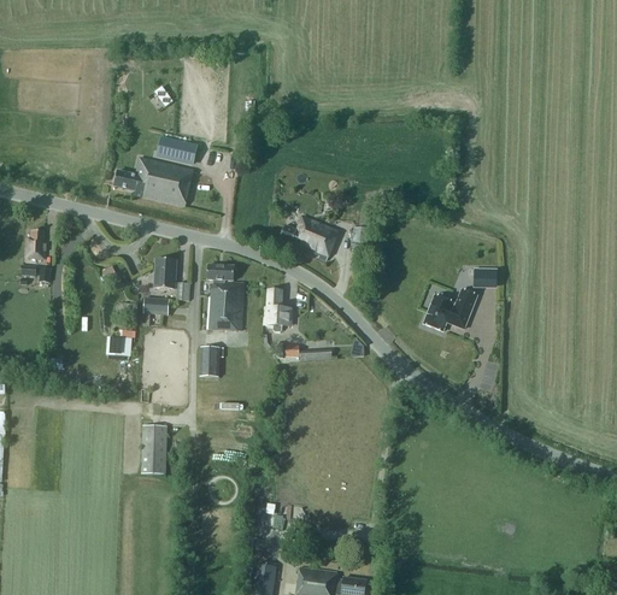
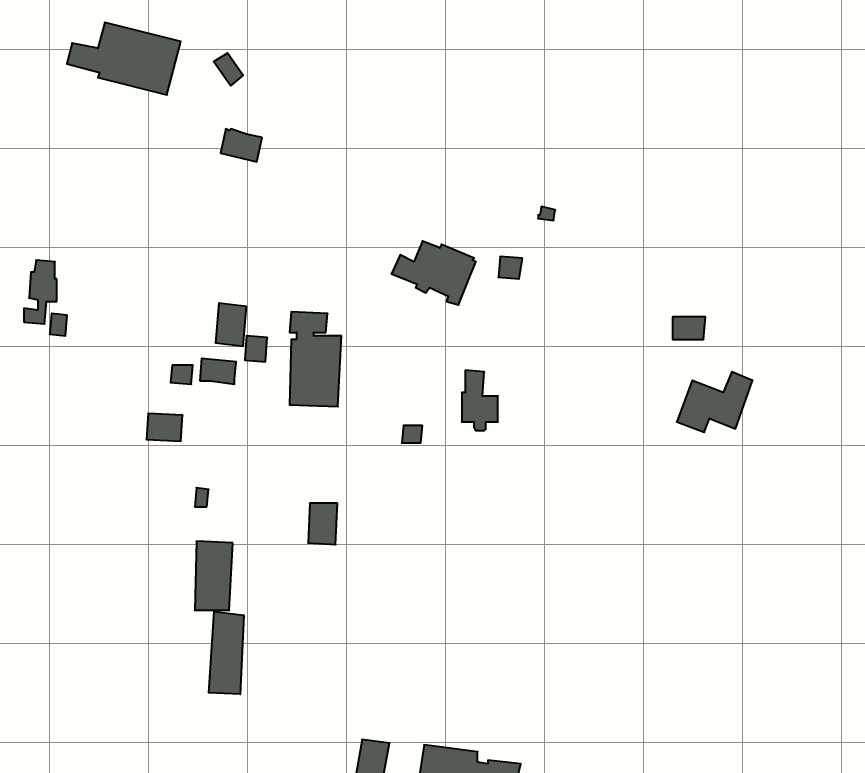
building: [114,157,194,207] -> [67,22,181,95]
building: [265,289,290,331] -> [462,370,498,431]
building: [424,289,477,331] -> [677,372,753,432]
building: [200,347,221,376] -> [308,503,337,545]
building: none -> [209,612,244,694]

